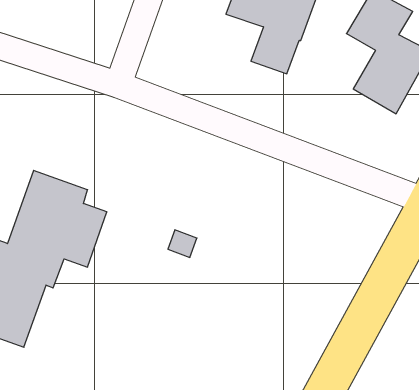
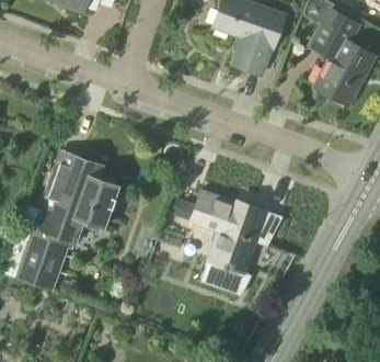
building: none -> [192,191,267,297]

